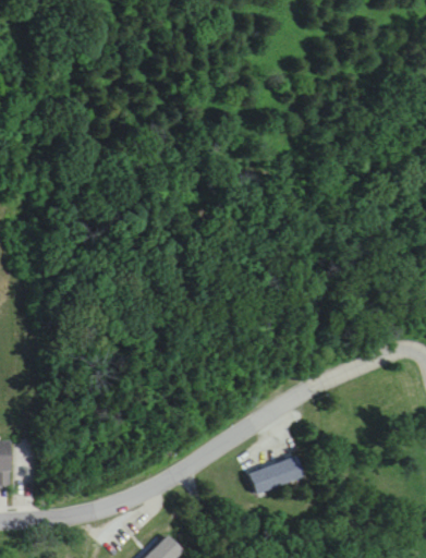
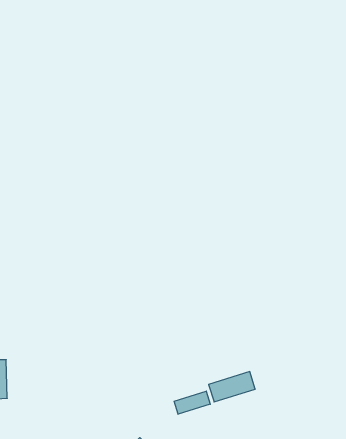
building: none -> [174,391,210,414]

